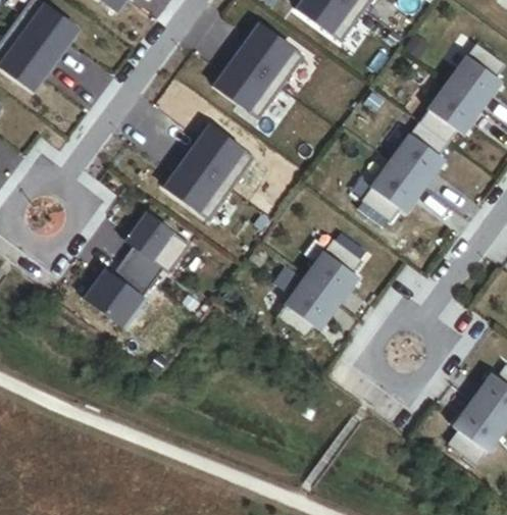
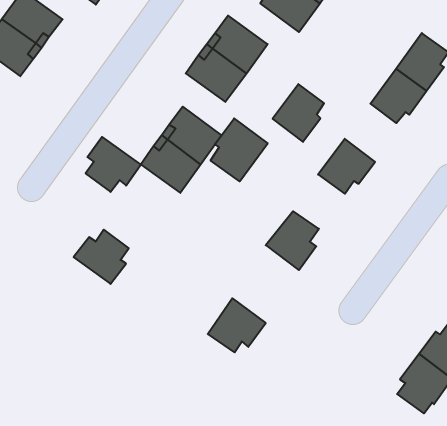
building: [391,119,448,184] -> [273,84,324,142]
building: none -> [211,118,268,181]
building: [123,218,185,279] -> [86,137,141,192]
building: [275,276,340,337] -> [208,298,266,352]

